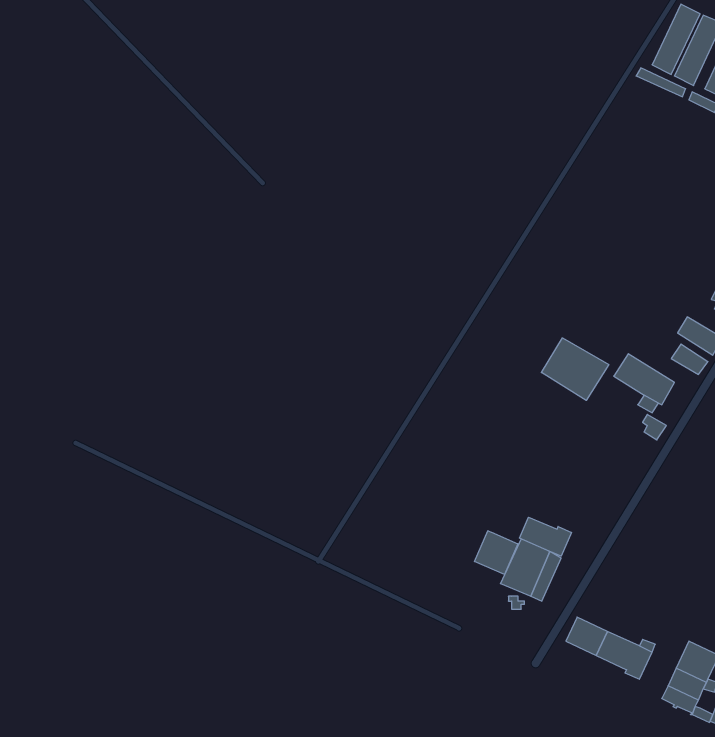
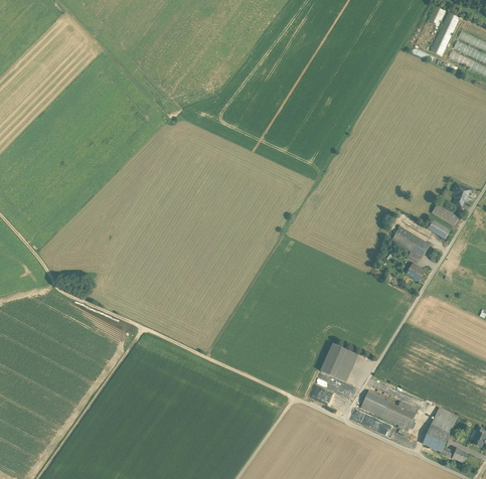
building: [541,338,609,400] -> none
building: [520,517,571,556] -> none
building: [475,531,518,575] -> none

